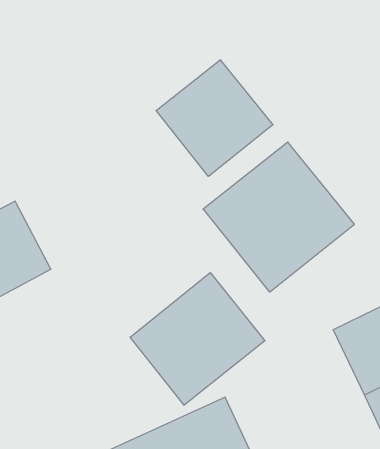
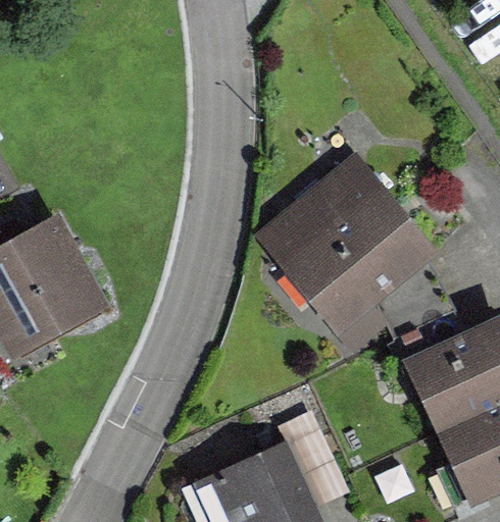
building: [156,60,273,176] -> none
building: [130,273,265,405] -> none

